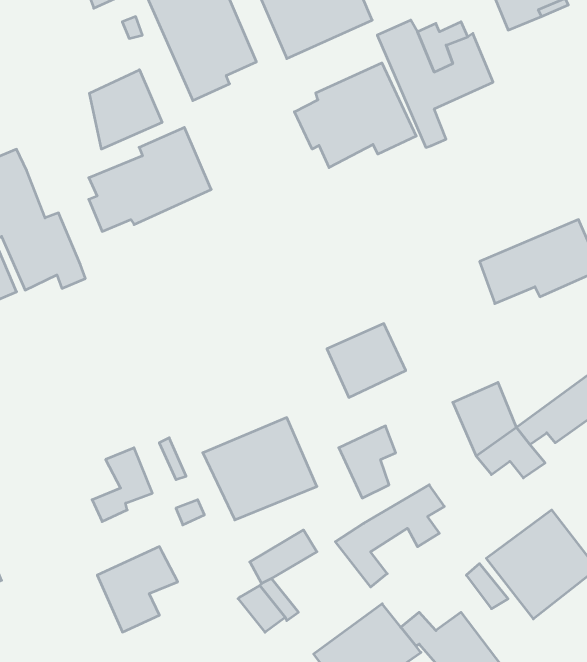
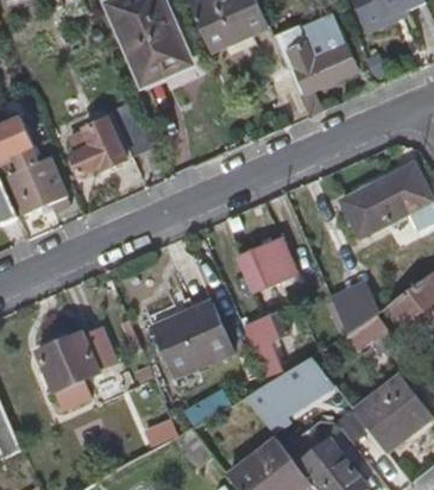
building: [294,63,416,168] -> none
building: [89,70,162,149] -> none
building: [97,547,178,632] -> [34,332,92,392]

